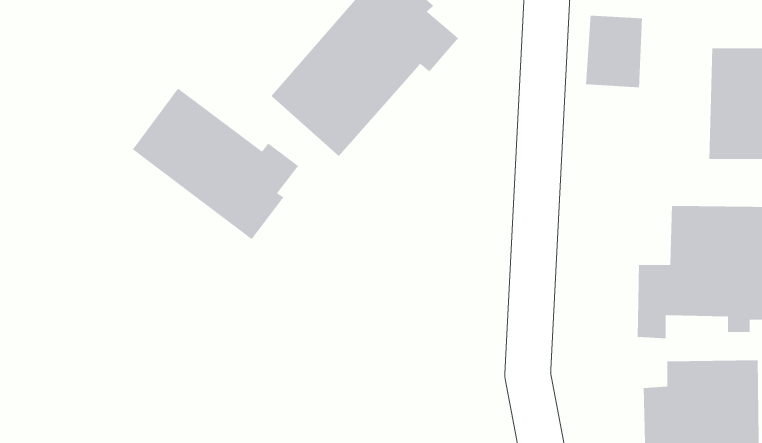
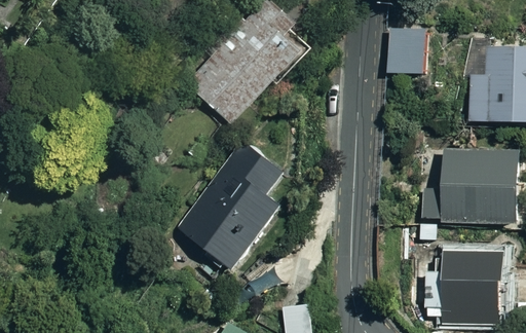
building: [132,88,299,240] -> none
building: none -> [177,139,299,269]

